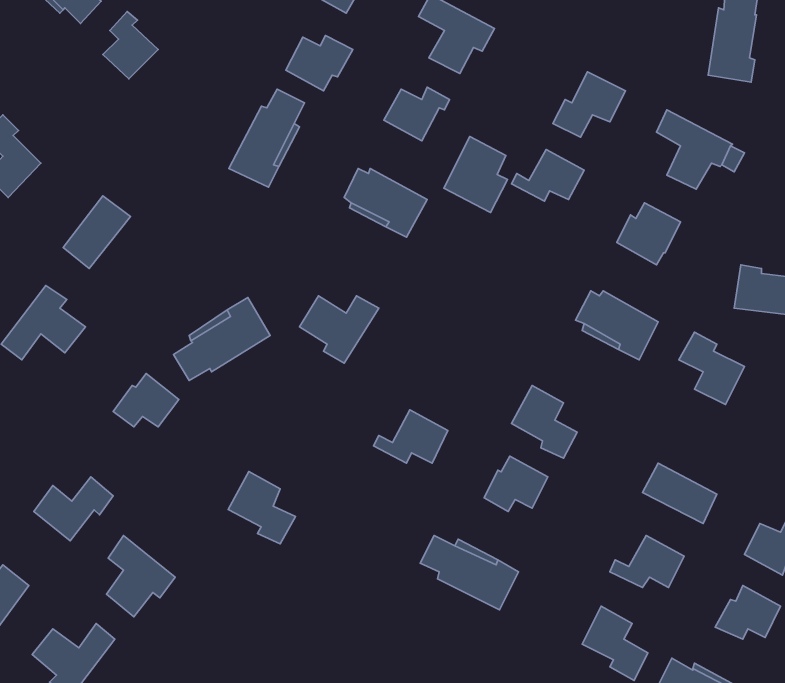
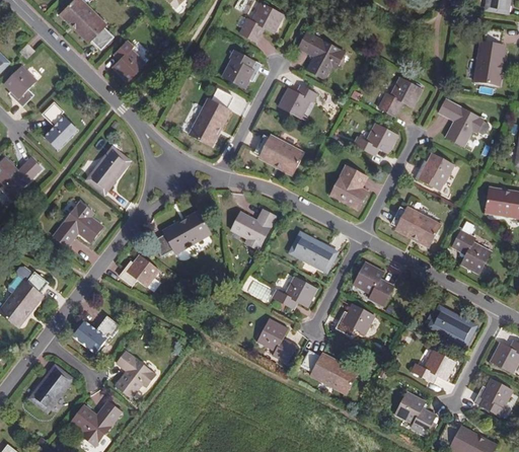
building: [444,137,508,212] -> [330,164,368,209]
building: none -> [292,232,337,270]
building: [228,472,296,544] -> [256,318,296,361]

